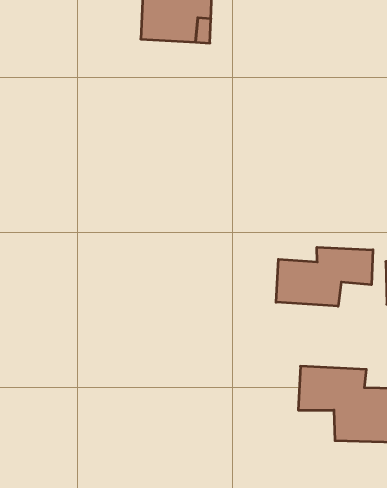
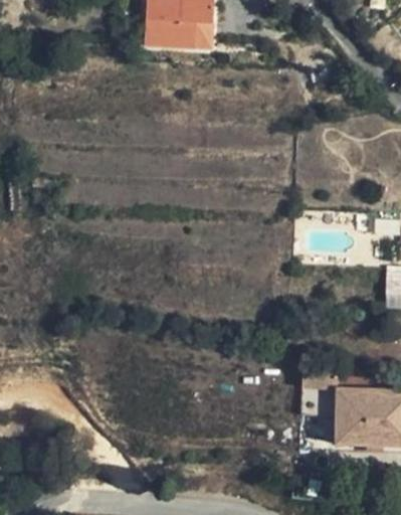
building: [276,247,373,306] -> none

